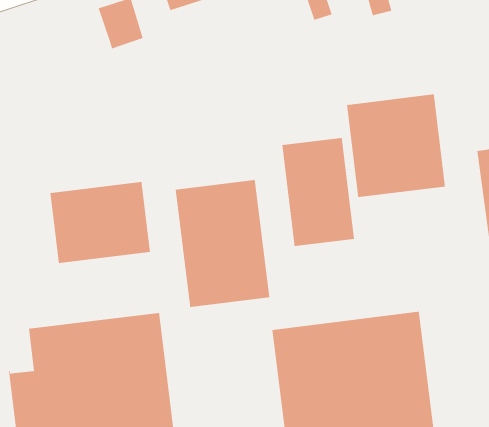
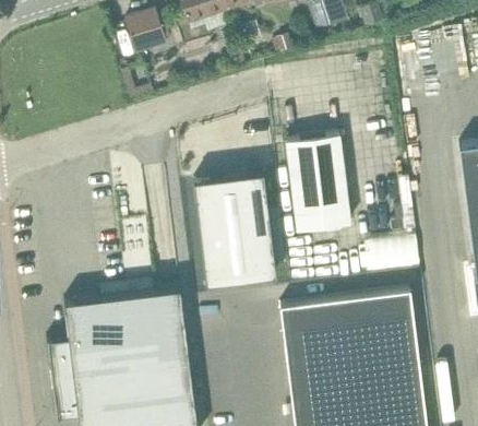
building: [346,94,445,198] -> none
building: [50,181,151,264] -> none

